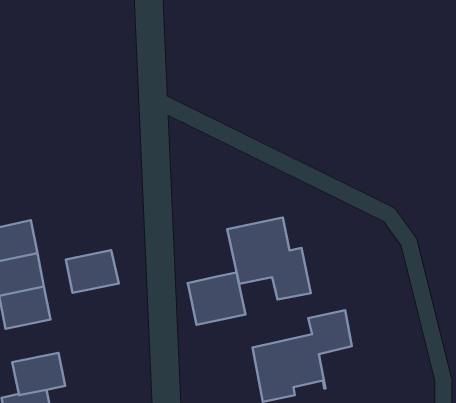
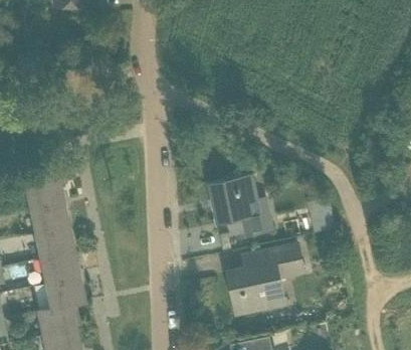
building: [66,250,119,293] -> [40,250,80,283]
building: [188,273,246,325] -> none

